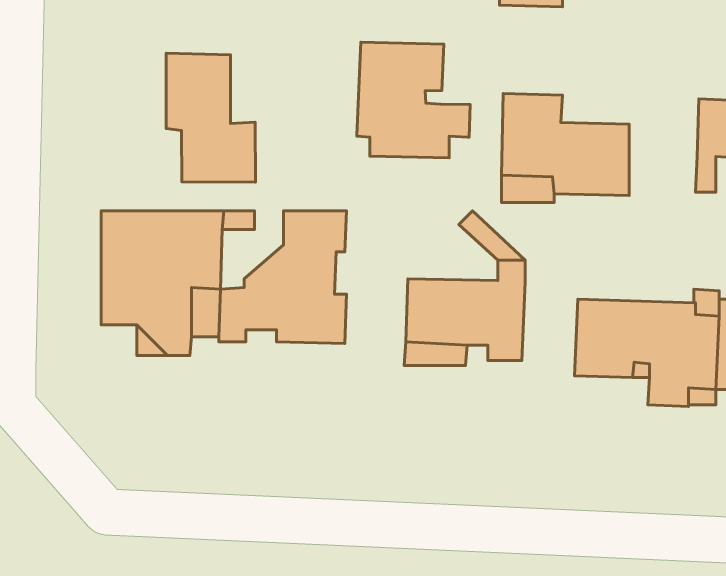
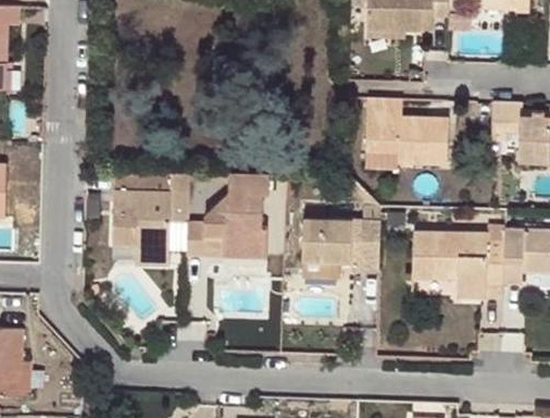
building: [357,42,470,158] -> none
building: [166,53,255,182] -> none

